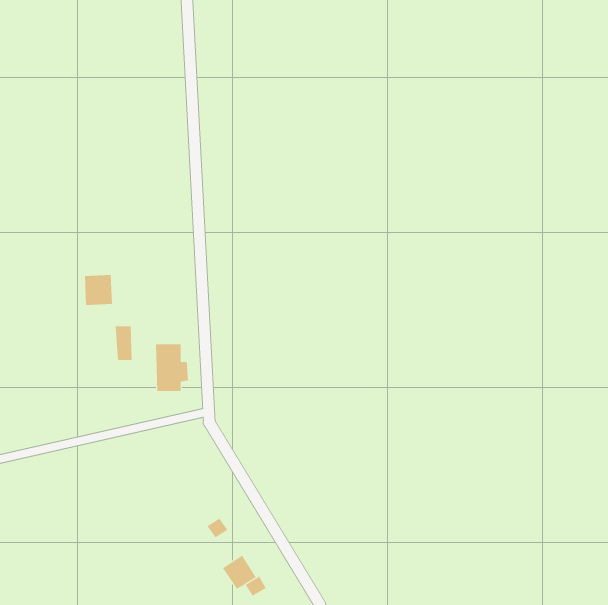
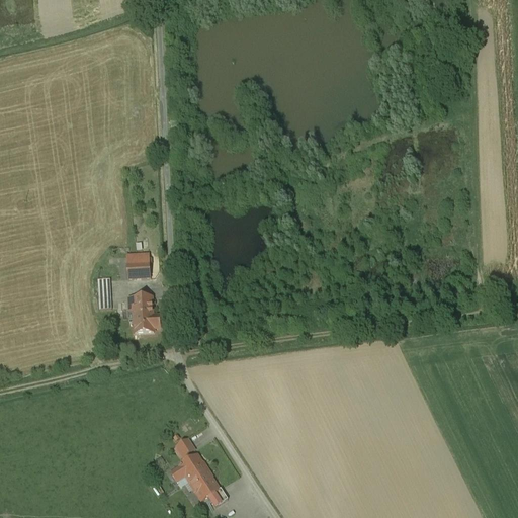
building: [84,274,113,306] -> [124,252,149,278]
building: none -> [178,455,205,482]

